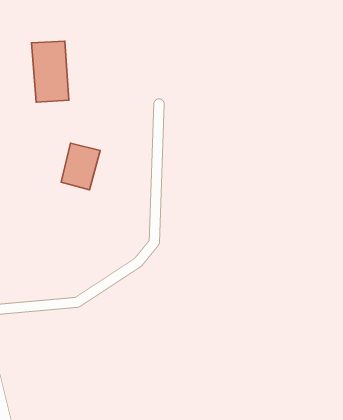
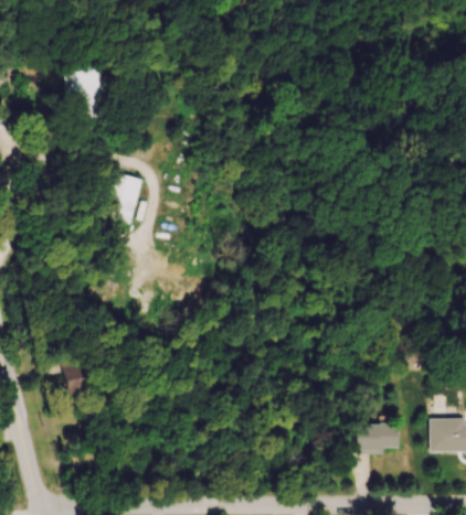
building: none -> [60,357,87,395]
building: none -> [356,423,398,451]

